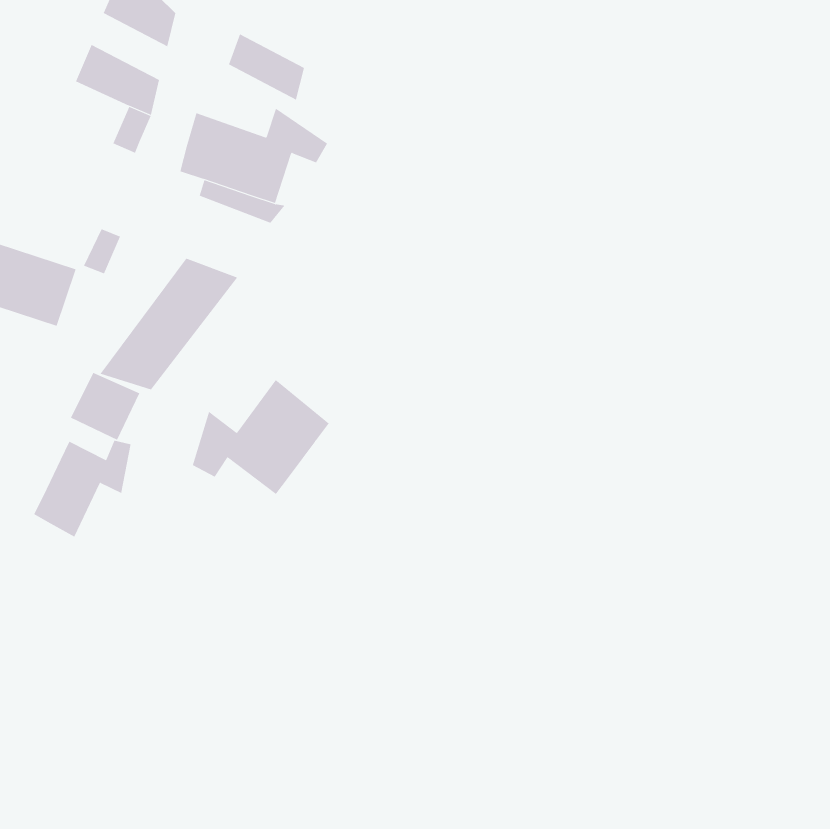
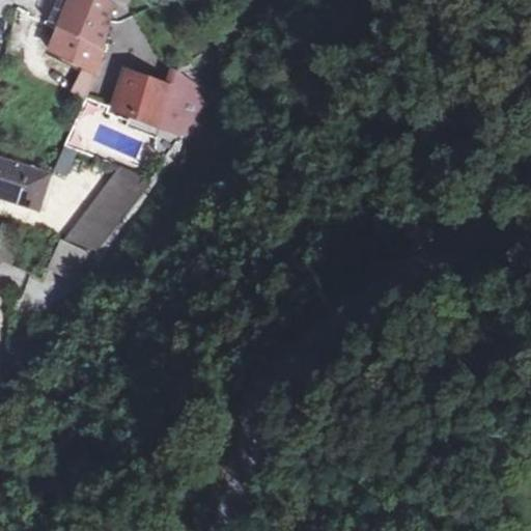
building: [228,34,305,100] -> [58,8,107,51]
building: [192,379,330,495] -> none
building: [34,440,131,538] -> none

